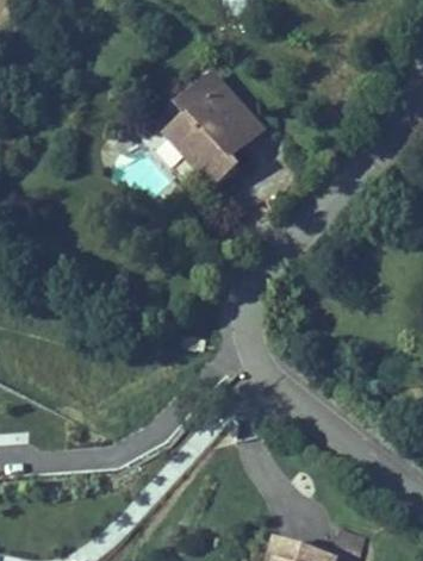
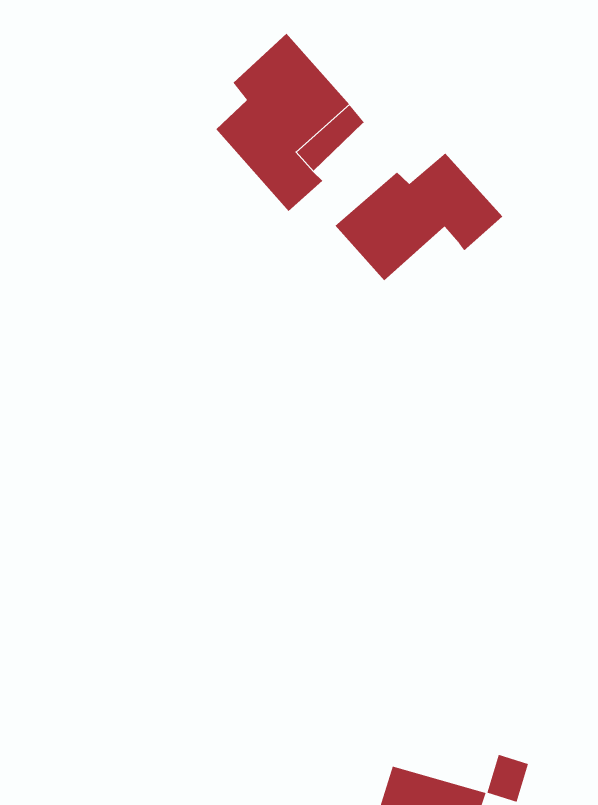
building: none -> [334,152,503,281]

